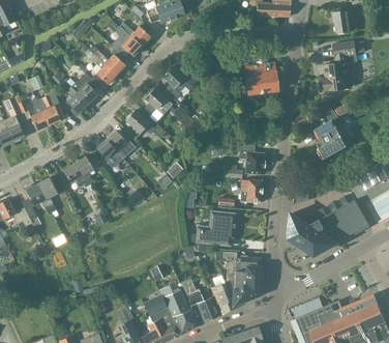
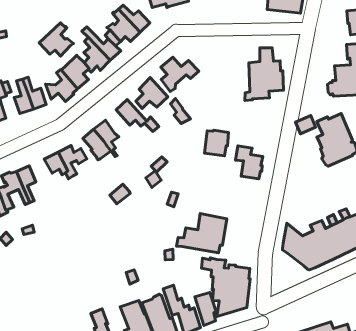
building: none -> [39,23,74,56]
building: [241,179,262,202] -> [204,130,228,156]

